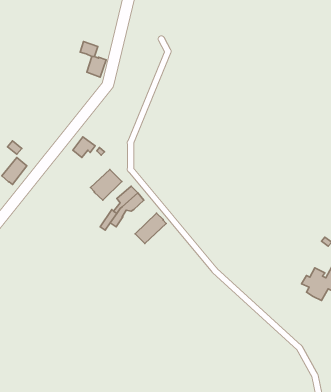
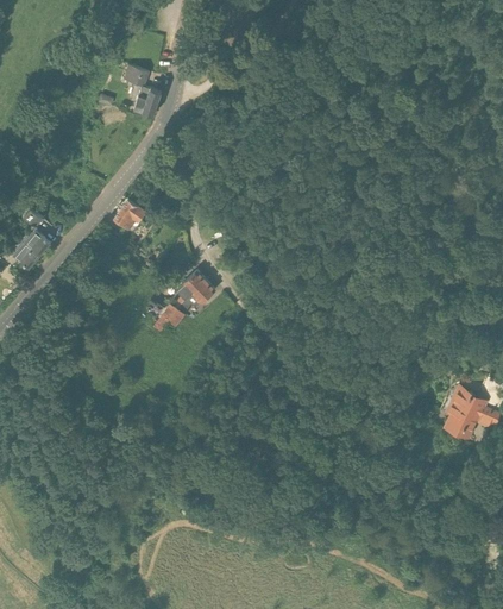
building: [91,170,122,200] -> none
building: [135,213,166,243] -> none

